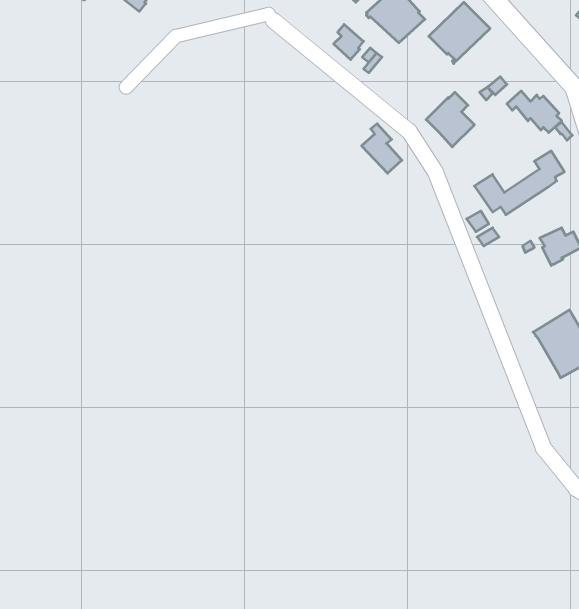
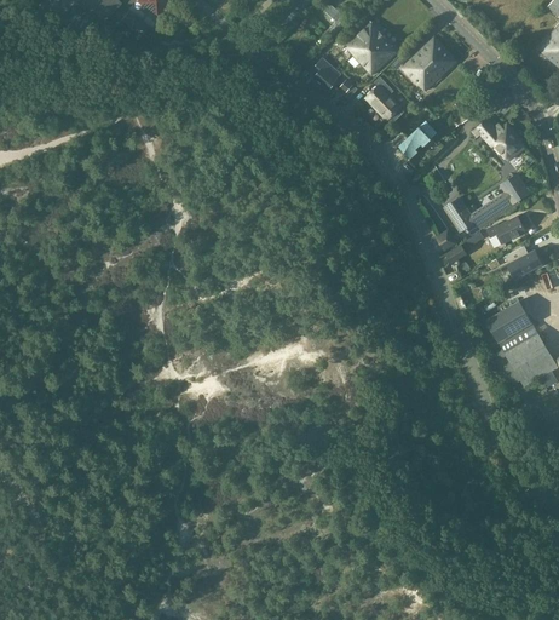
building: [362,124,402,173] -> [367,76,404,122]
building: none -> [486,216,526,243]
building: none -> [486,300,532,343]

